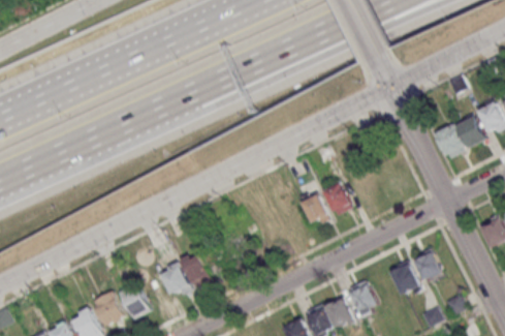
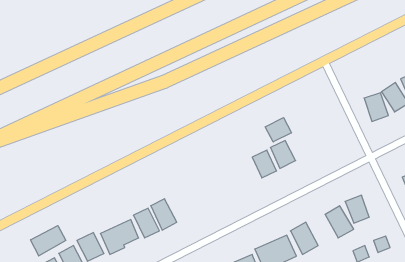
building: none -> [265,118,291,142]
building: none -> [31,226,66,256]

